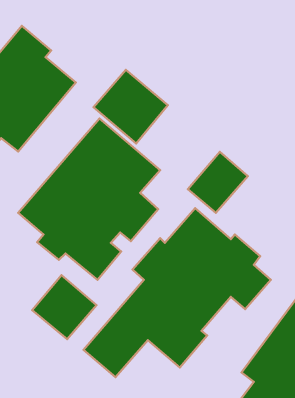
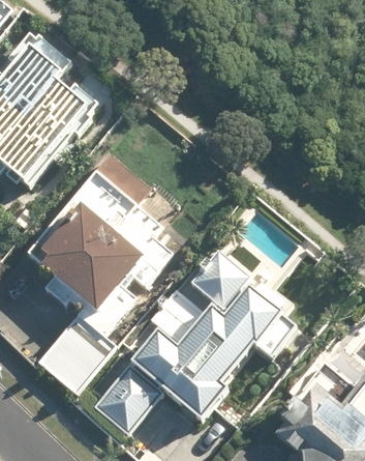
building: [94,70,168,144] -> none
building: [188,152,248,213] -> none

